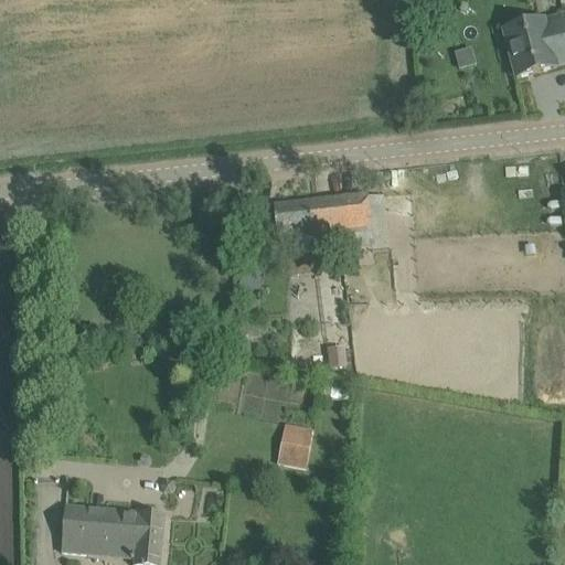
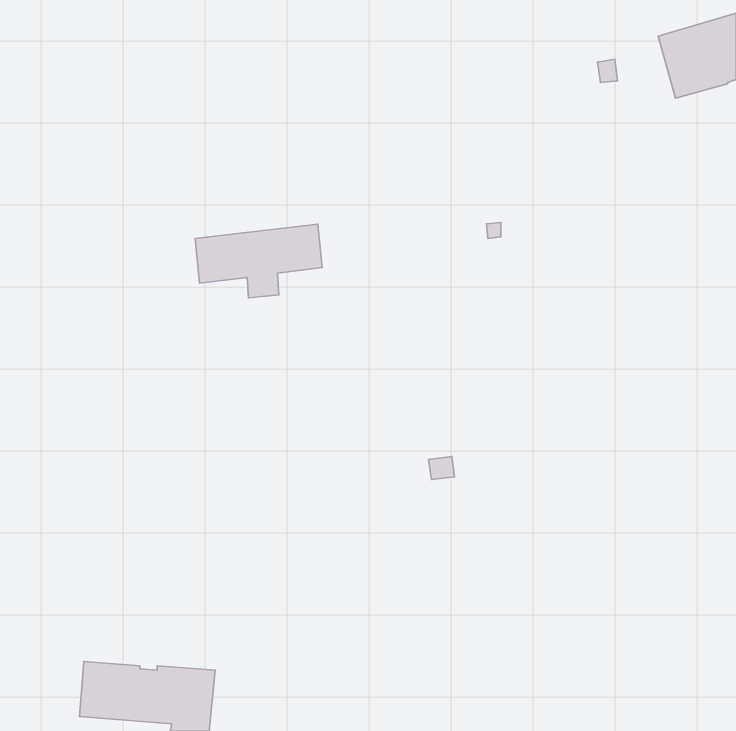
building: [274,191,371,247] -> [195,224,322,298]
building: [278,423,308,465] -> none

